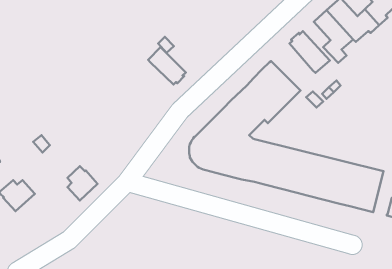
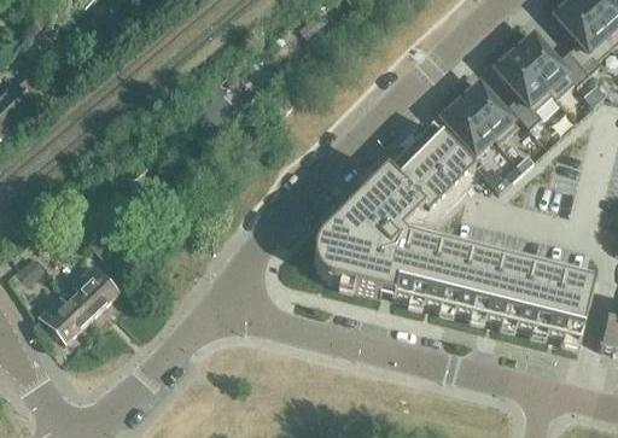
building: none -> [442,97,495,152]
building: [148,47,186,85] -> none
building: [67,166,98,201] -> [76,263,119,313]

